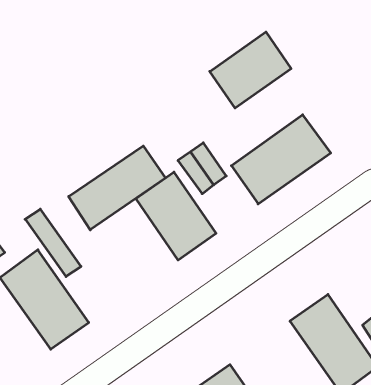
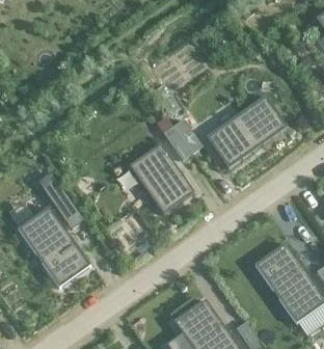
building: [210,32,291,108] -> none
building: [69,146,165,230] -> none

